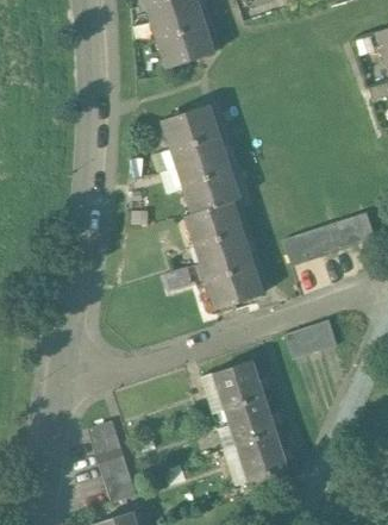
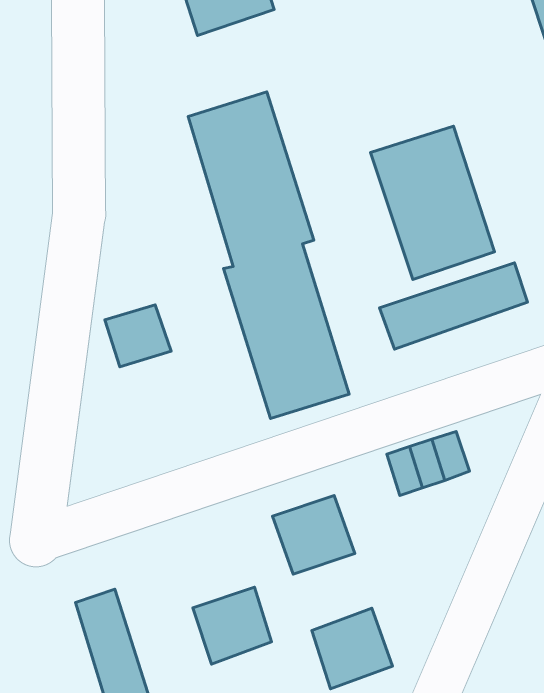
building: none -> [370,126,495,279]
building: none -> [105,305,171,367]
building: [226,396,276,445] -> [193,587,271,664]

